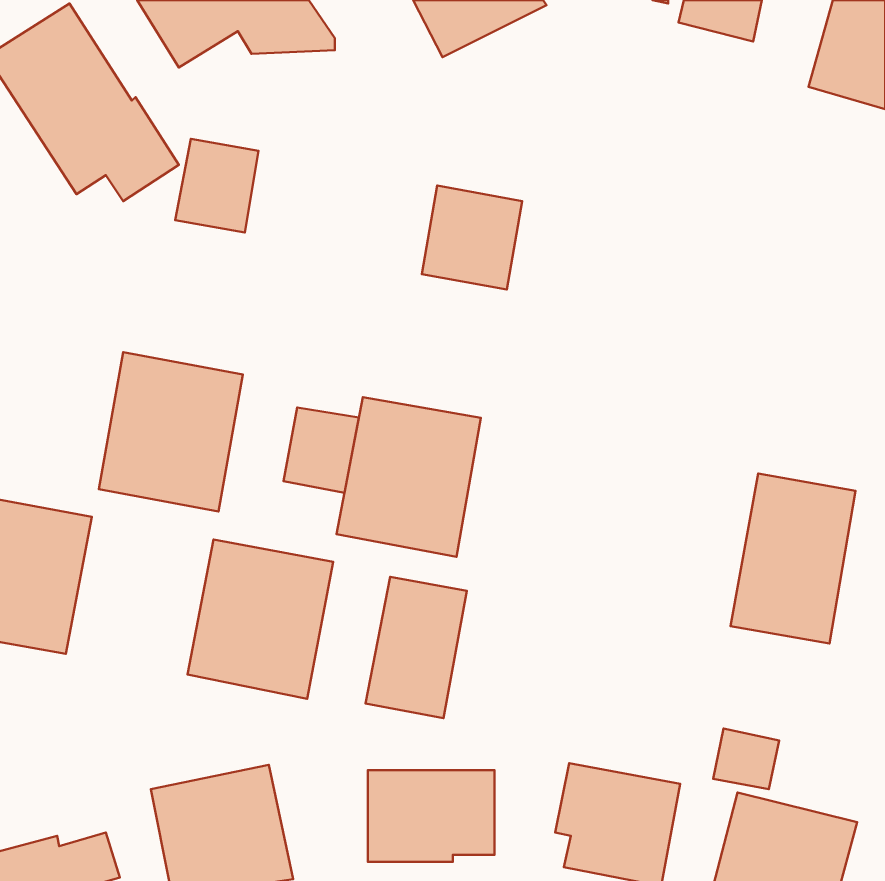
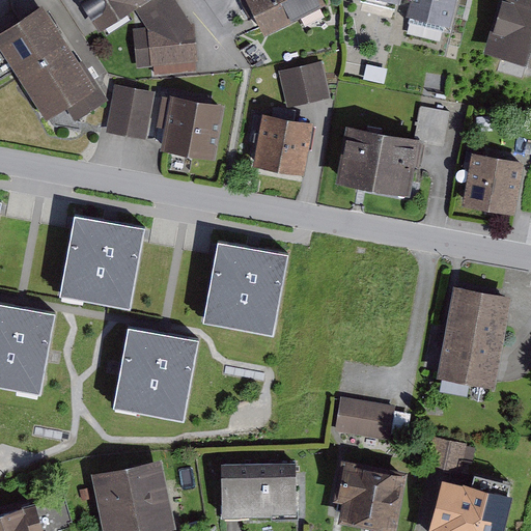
building: none -> [138,33,203,82]
building: none -> [278,63,329,109]
building: none -> [156,95,224,162]
building: none -> [335,108,449,196]
building: none -> [462,152,524,216]
building: [283,407,359,493] -> none
building: [365,577,467,718] -> none
building: none -> [334,398,394,442]

